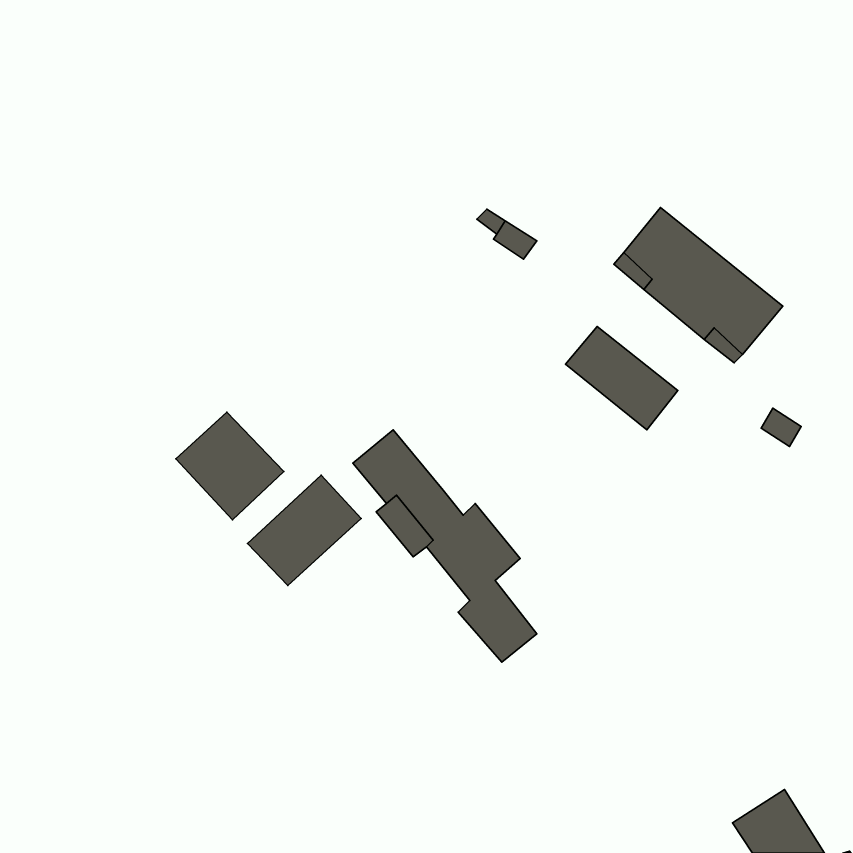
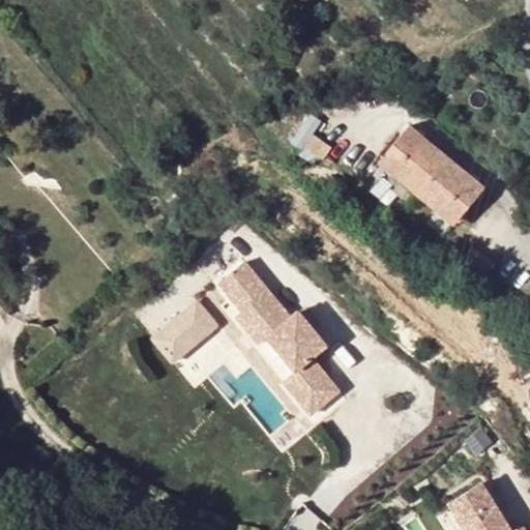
building: [566,327,678,430] -> none
building: [176,412,284,520] -> none

